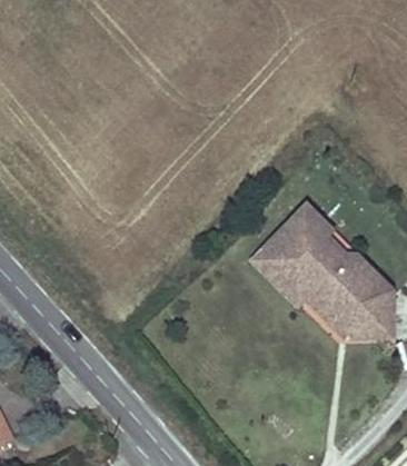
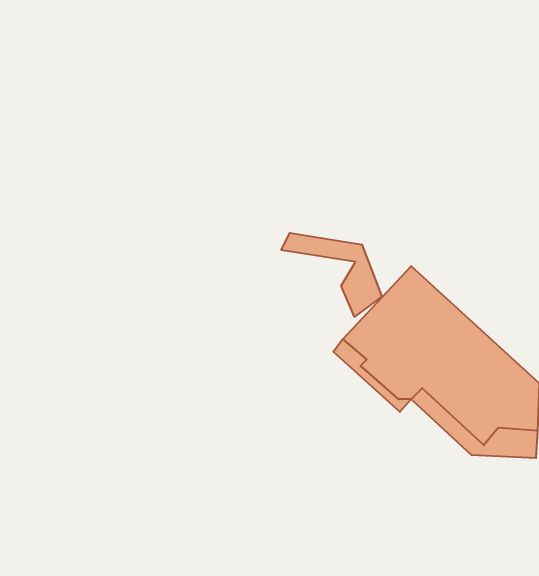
building: none -> [281,233,382,317]

